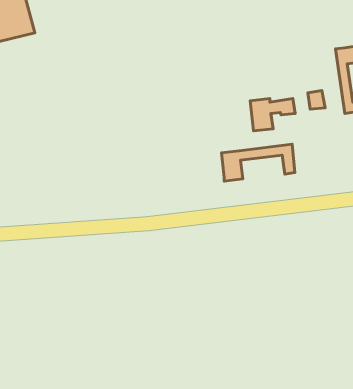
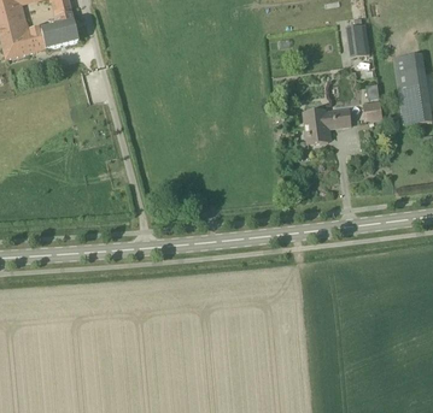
building: none -> [346,23,369,55]
building: [221,144,295,181] -> none

